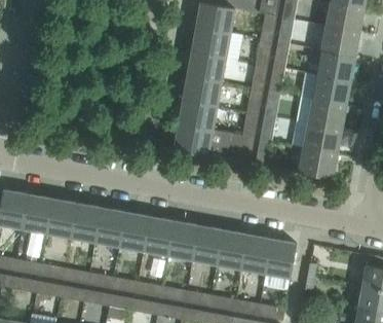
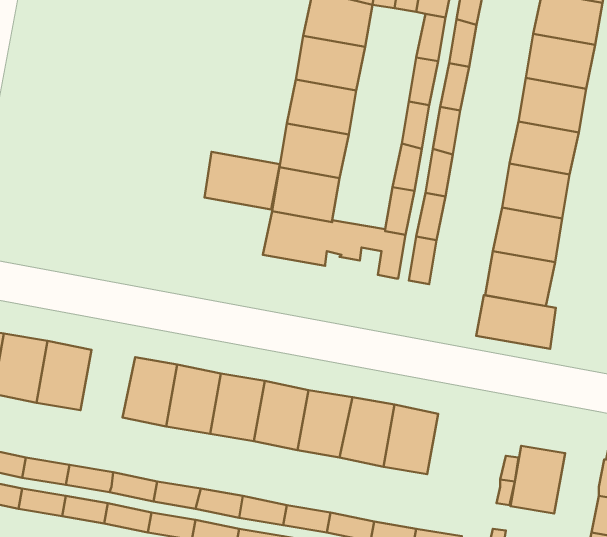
building: none -> [205,152,280,209]
building: none -> [476,295,556,349]
building: [70,204,101,242] -> none
building: [265,240,296,278] -> [510,446,565,513]

